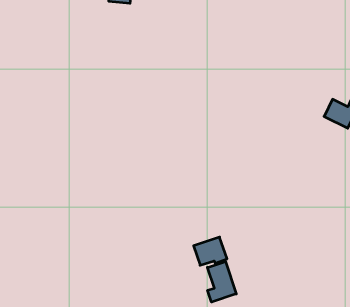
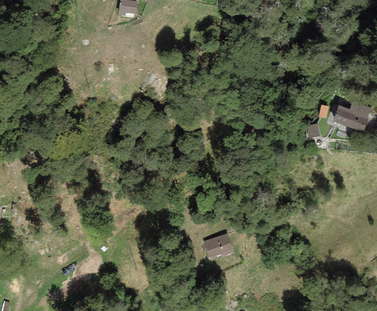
building: [207,261,236,302] -> none

